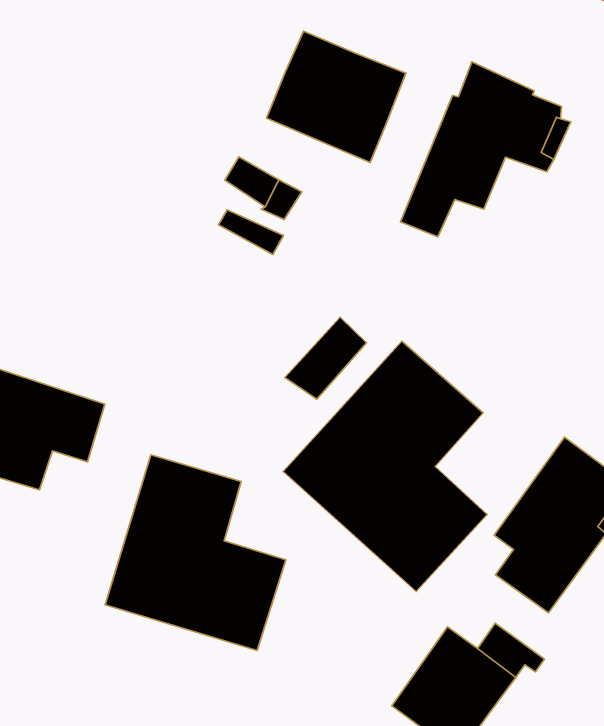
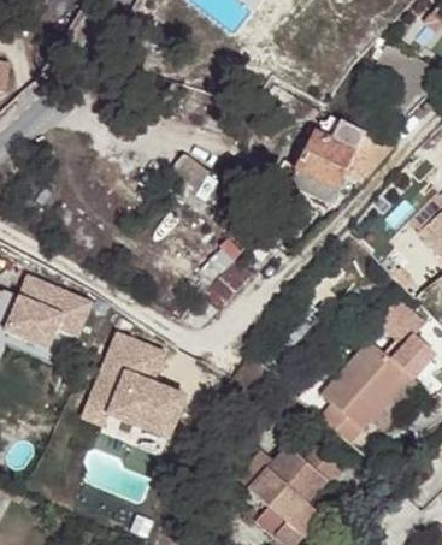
building: [267,31,406,162] -> none
building: [283,341,487,592] -> none

